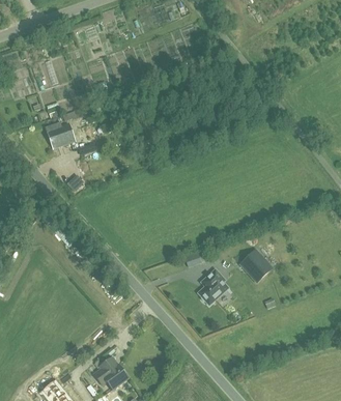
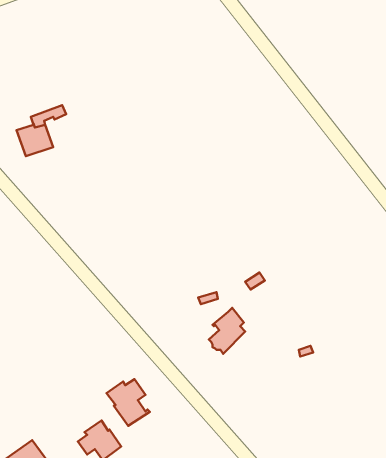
building: [238,249,269,280] -> none
building: none -> [107,379,150,426]

